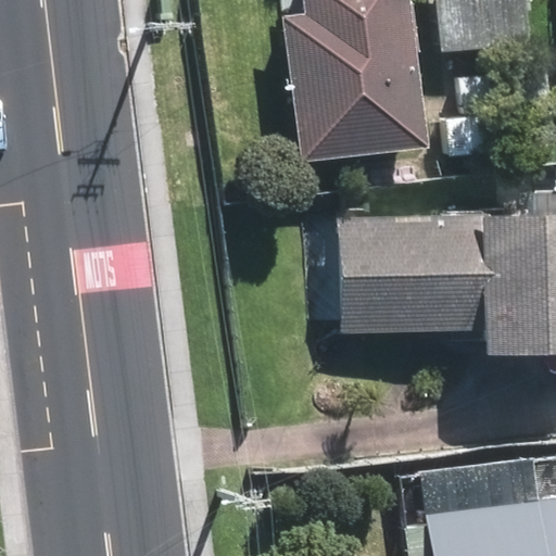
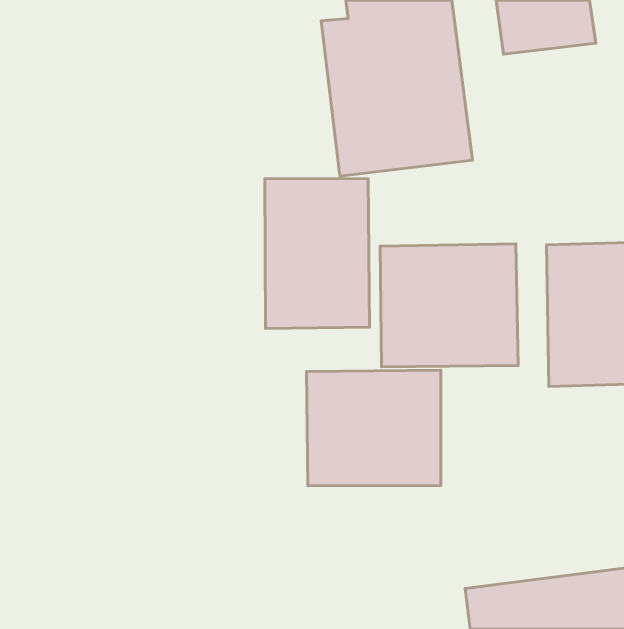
building: none -> [265,179,370,328]
building: none -> [307,370,441,486]

